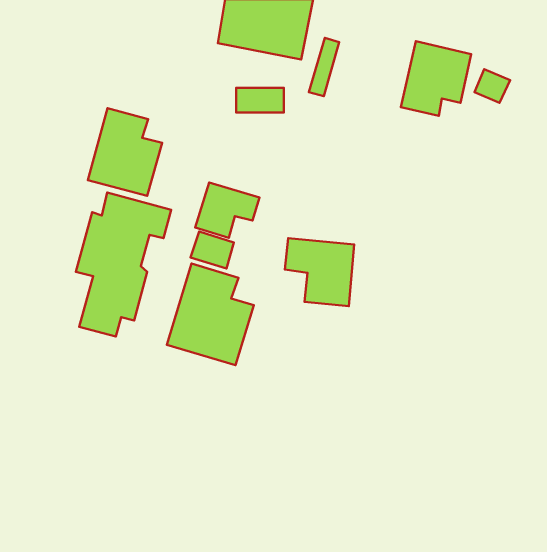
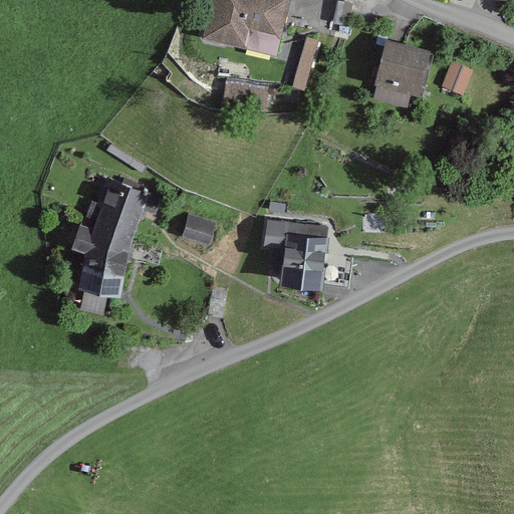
building: [88,108,162,196] -> none
building: [195,182,259,238] -> none
building: [167,263,254,365] -> none

